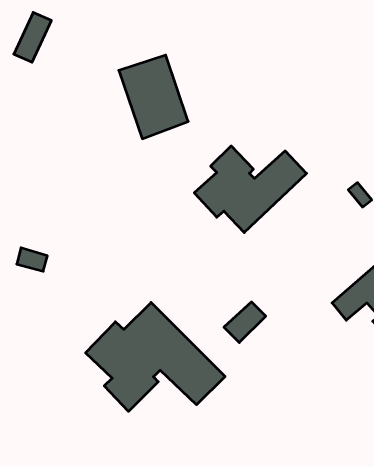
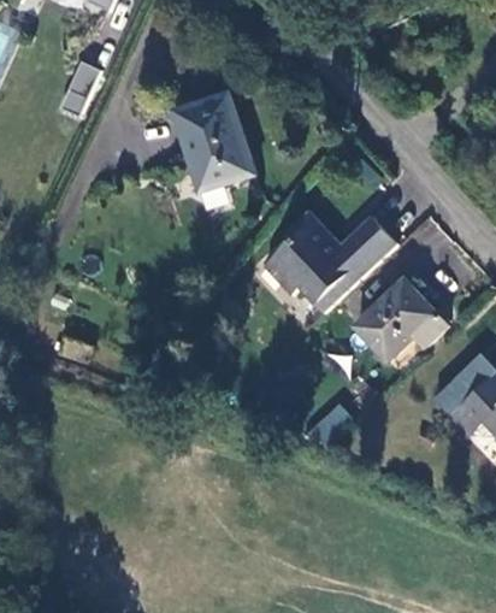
building: none -> [353,284,444,363]
building: [86,302,225,411] -> none

